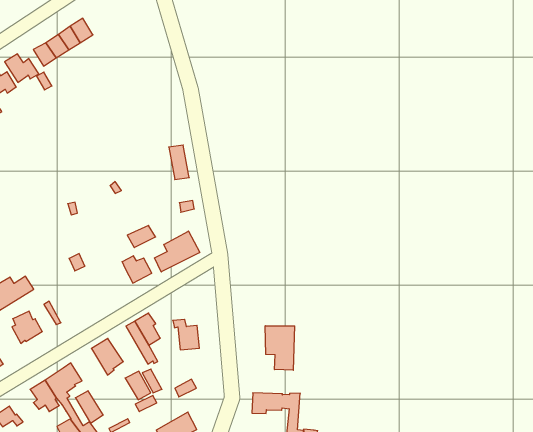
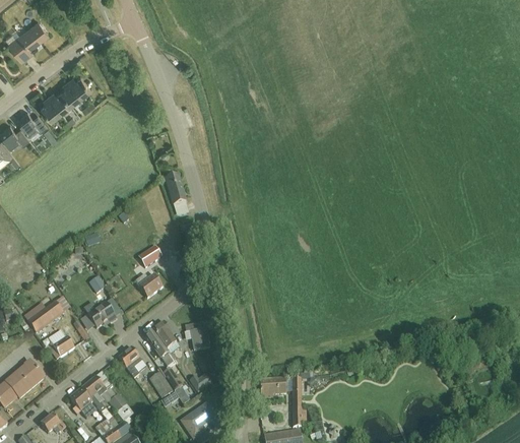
building: [154,231,200,272] -> none
building: none -> [84,301,117,327]
building: [265,326,295,370] -> none

